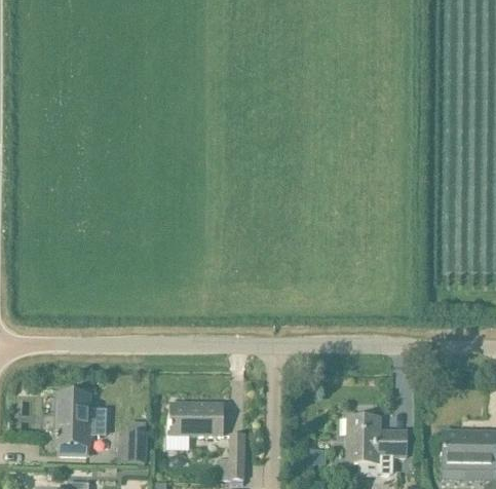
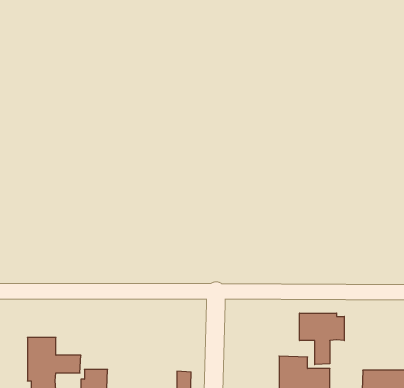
building: none -> [300,313,344,365]
building: [171,402,222,435] -> none

